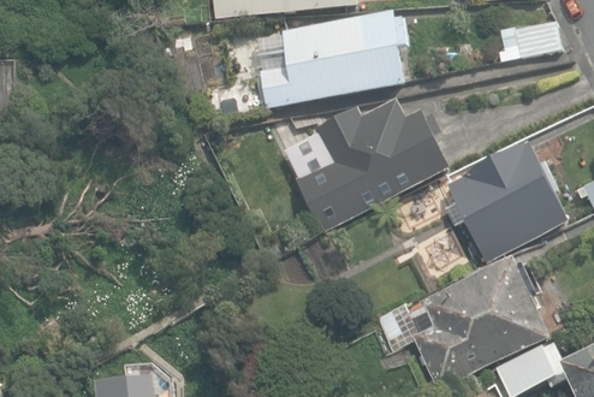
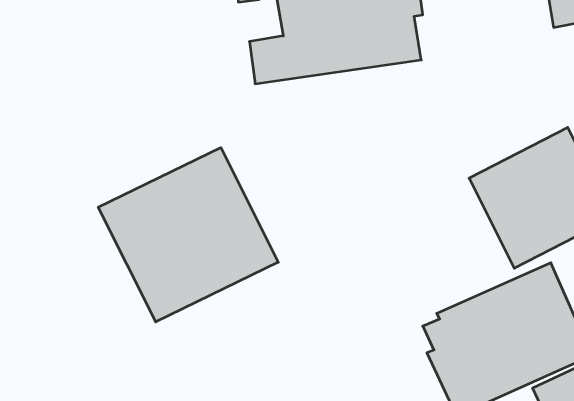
building: [293,99,451,226] -> none
building: none -> [98,148,278,322]

